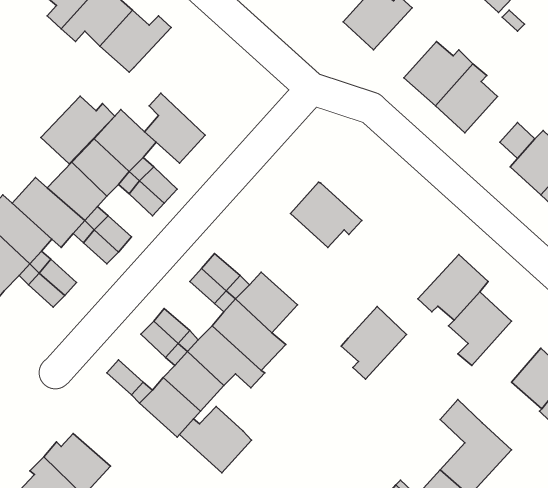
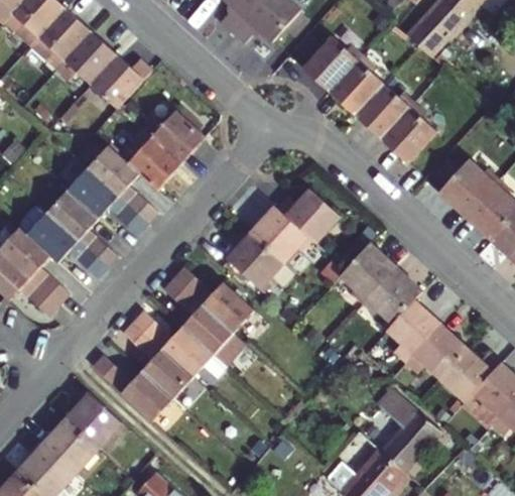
building: none -> [324,54,378,115]
building: none -> [140,111,202,164]
building: [41,96,115,164] -> none
building: none -> [278,187,342,241]
building: none -> [228,232,284,290]
building: [341,307,407,379] -> [341,243,397,305]
building: none -> [408,325,468,377]
building: none -> [65,390,122,450]
building: [179,406,251,473] -> none

